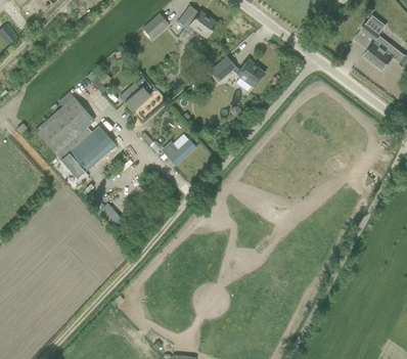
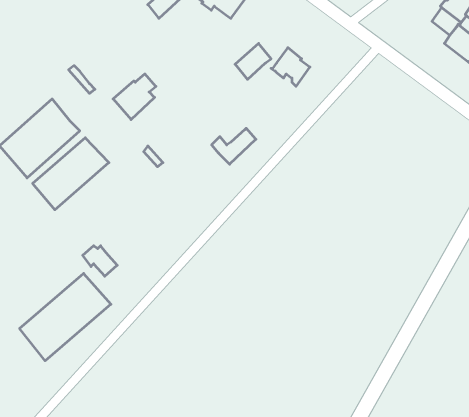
building: [163,138,195,165] -> [212,128,256,164]
building: none -> [20,273,111,361]

